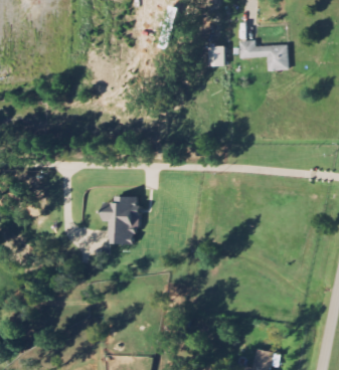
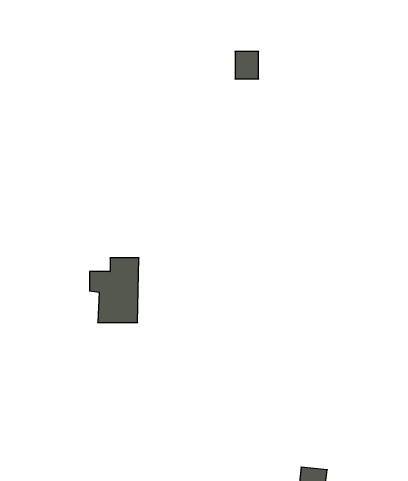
building: [238,40,289,70] -> none

